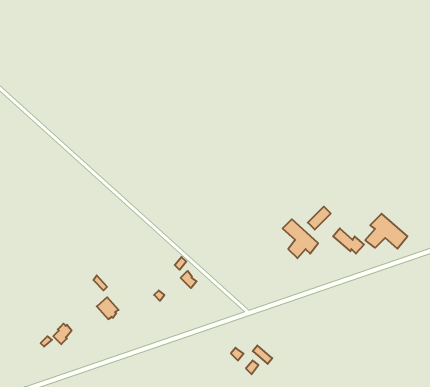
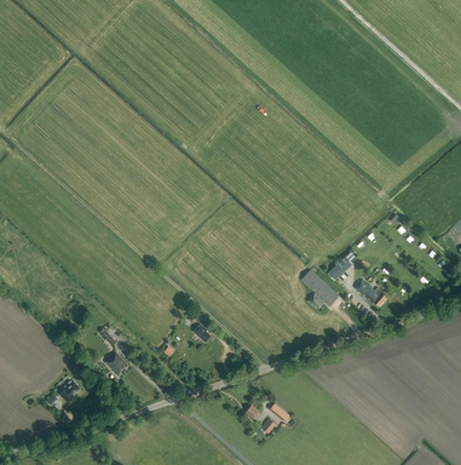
building: [365,214,407,249] -> none

